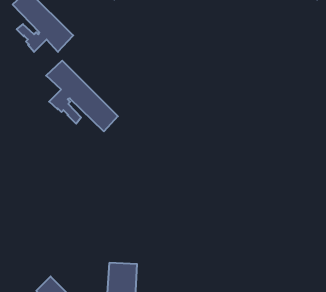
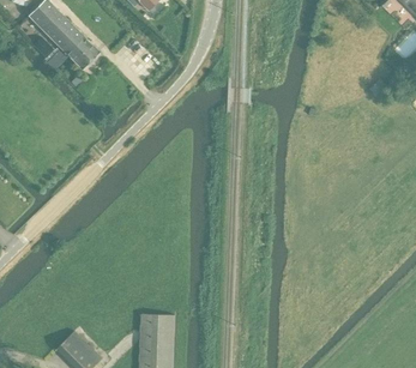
building: [46,61,118,131] -> none

